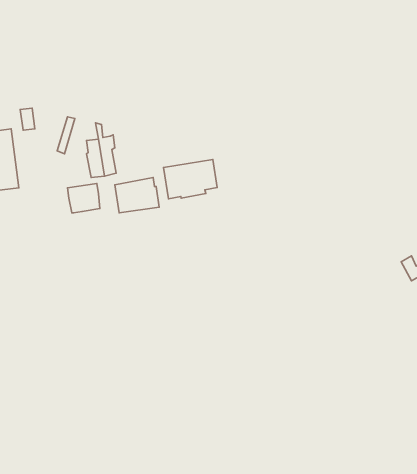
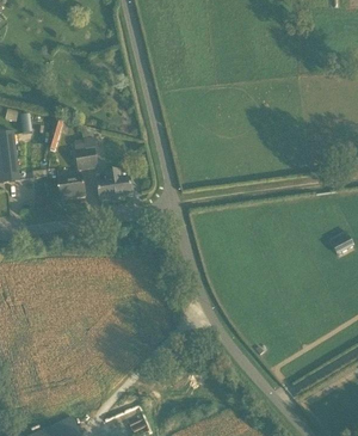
building: [163,160,217,199] -> none

